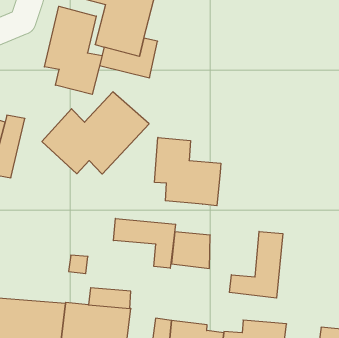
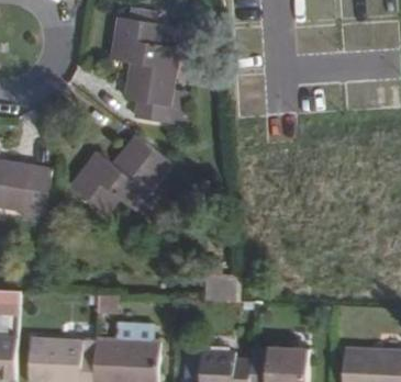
building: [44,6,102,94] -> none
building: [155,137,221,206] -> none
building: [113,218,176,268] -> none
building: [229,231,283,298] -> none

